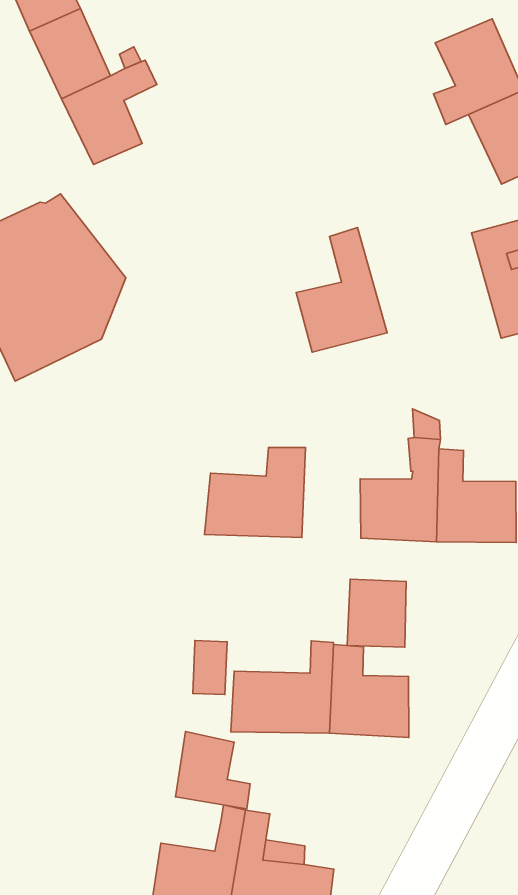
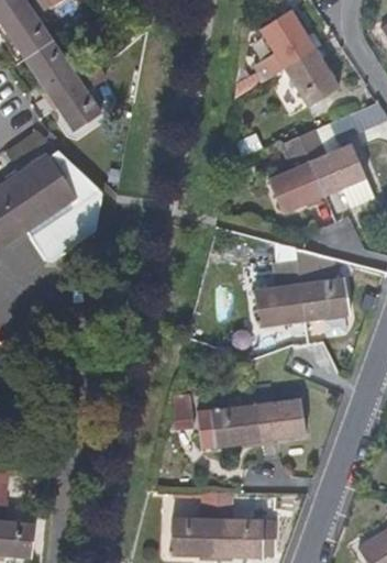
building: [296,228,387,352] -> [268,139,324,214]
building: [204,447,305,537] -> none
building: [347,579,406,647] -> none
building: [175,732,250,809] -> none

